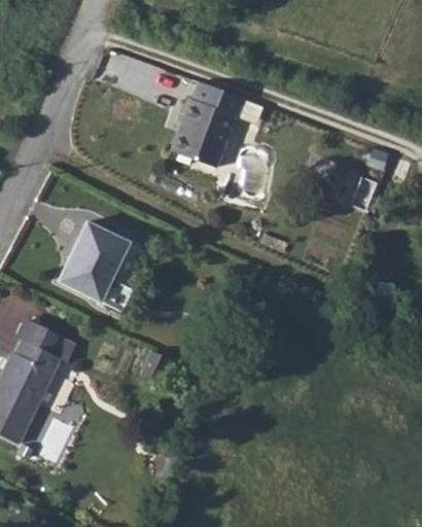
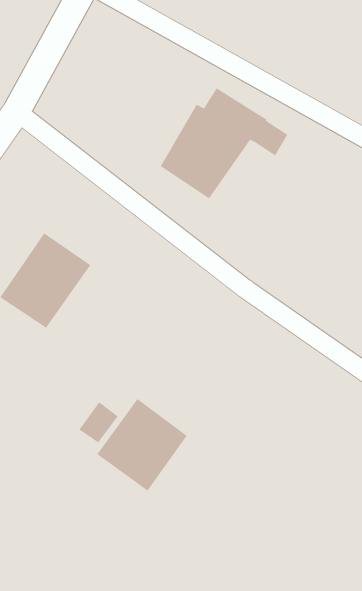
building: none -> [96,398,187,491]

